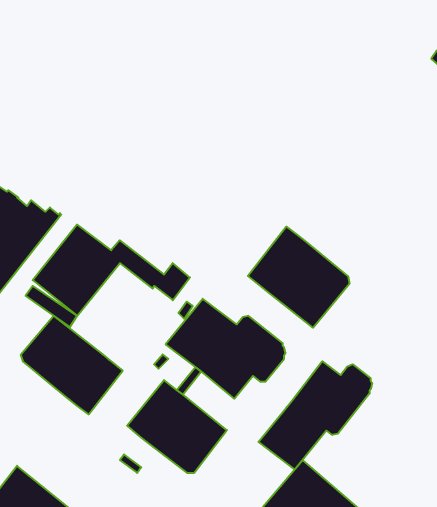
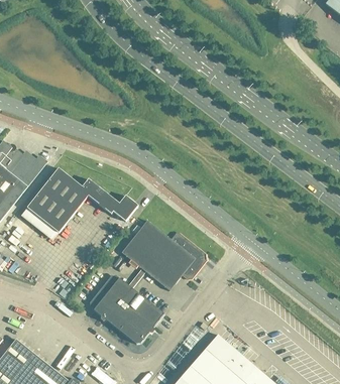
building: [248,227,350,328] -> none
building: [21,316,123,414] -> none
building: [258,361,372,469] -> none

